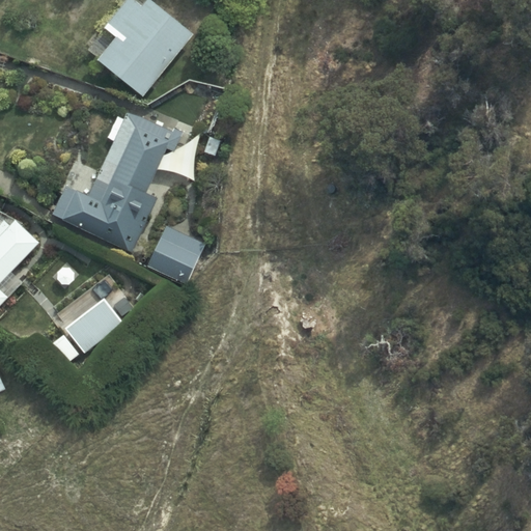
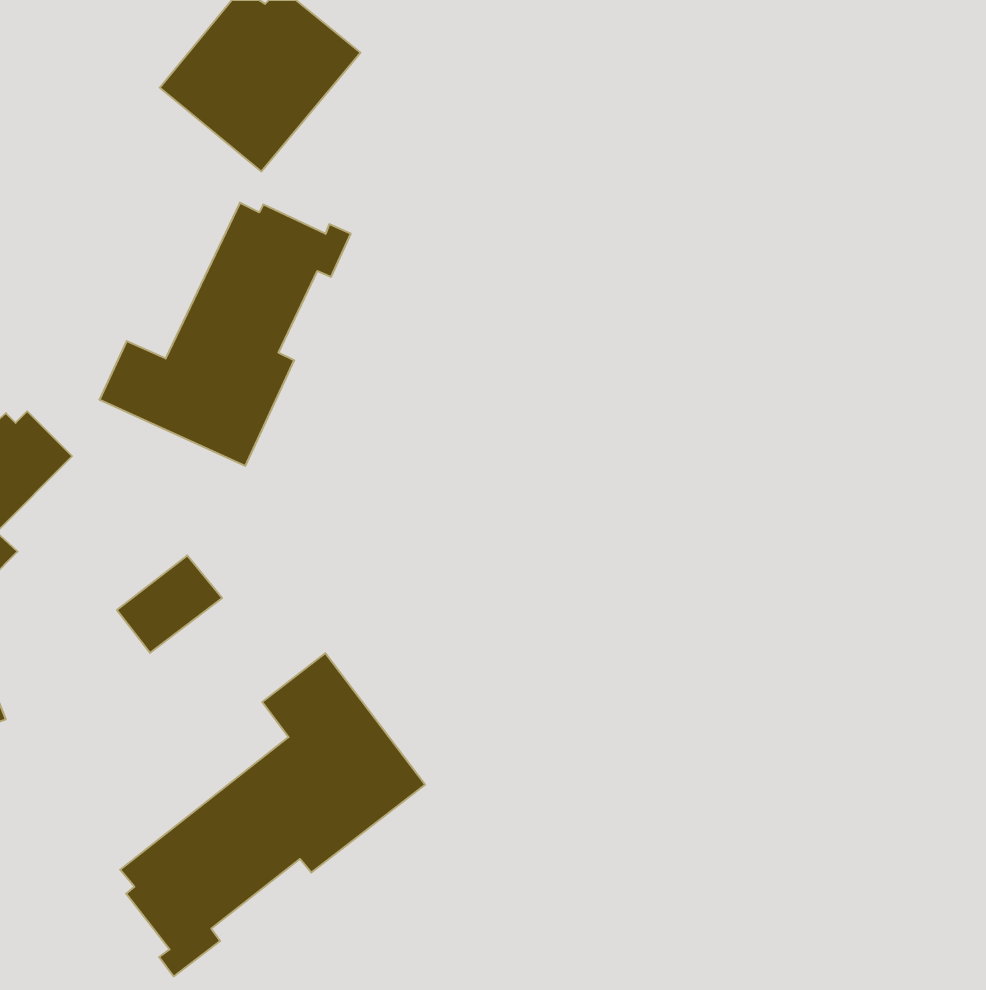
building: [146,229,201,285] -> none
building: none -> [120,653,425,976]

